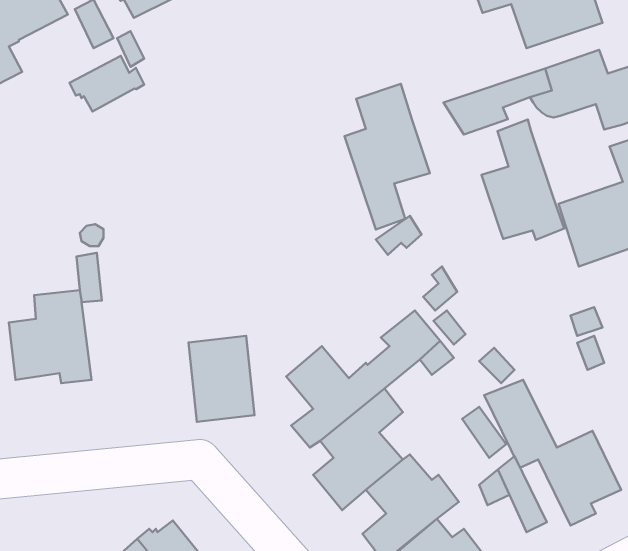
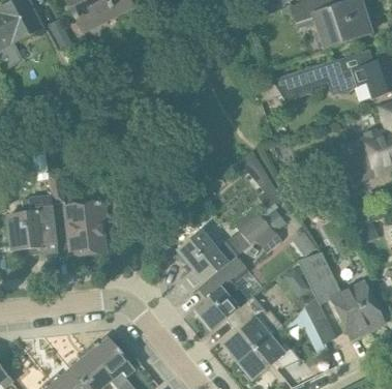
building: [69,56,144,111] -> none
building: [345,84,430,229] -> none
building: [482,119,564,240] -> none
building: [188,336,254,422] -> [65,202,105,255]

